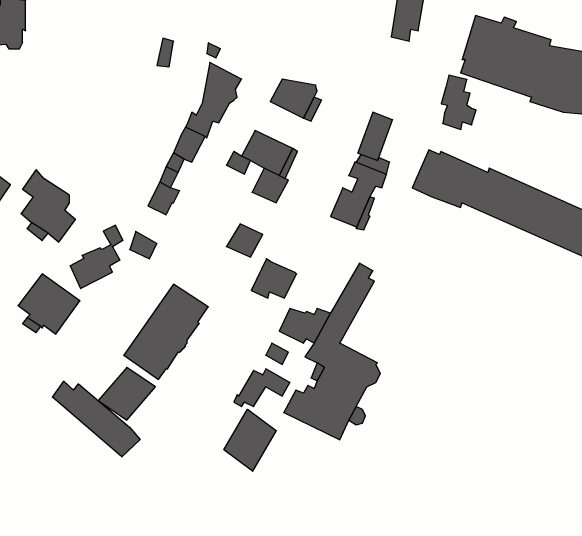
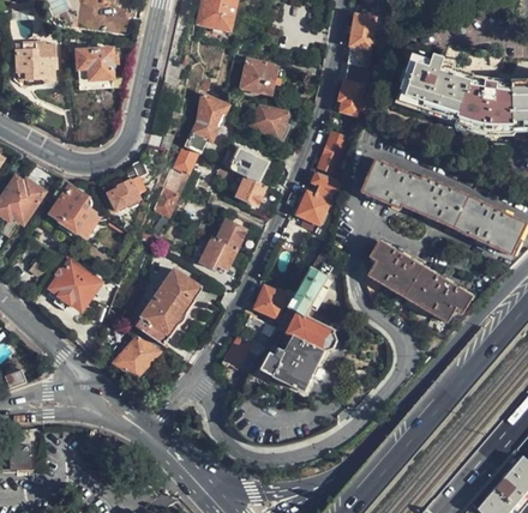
building: none -> [76,49,113,80]
building: none -> [239,60,277,96]
building: [441,75,476,129] -> [340,73,367,116]
building: [70,225,123,289] -> [104,161,146,211]
building: none -> [371,245,472,322]
building: [251,259,297,298] -> [199,237,235,268]
building: [52,381,140,457] -> none
building: [224,409,276,471] -> none

